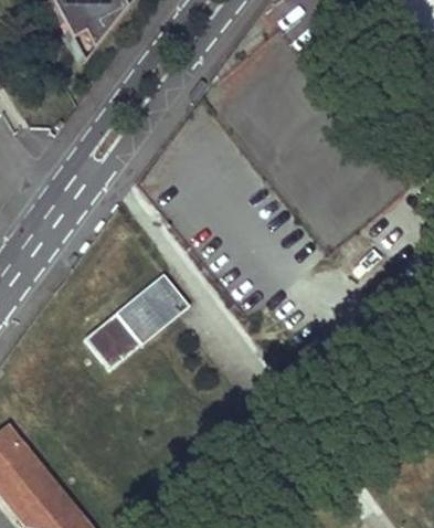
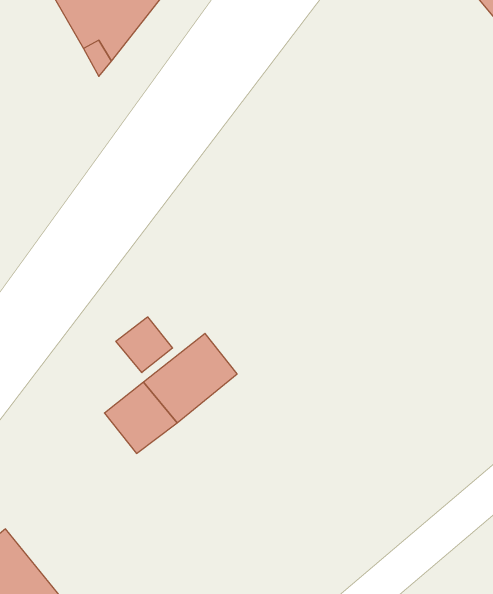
building: none -> [116,317,173,373]

